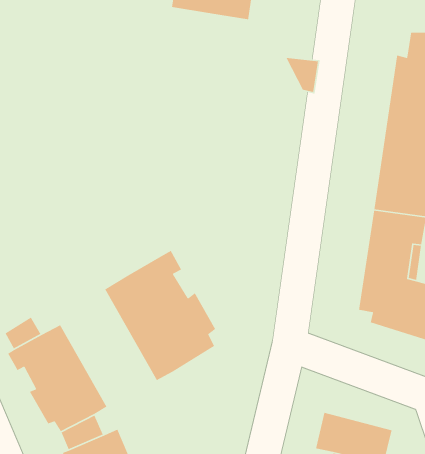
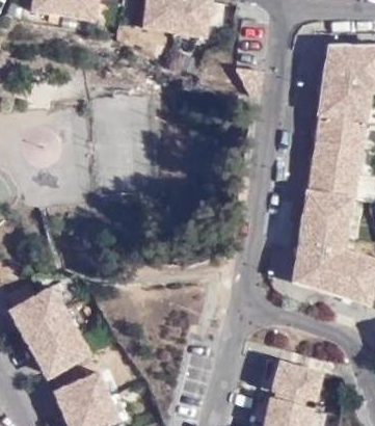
building: [104,250,216,381] -> none

